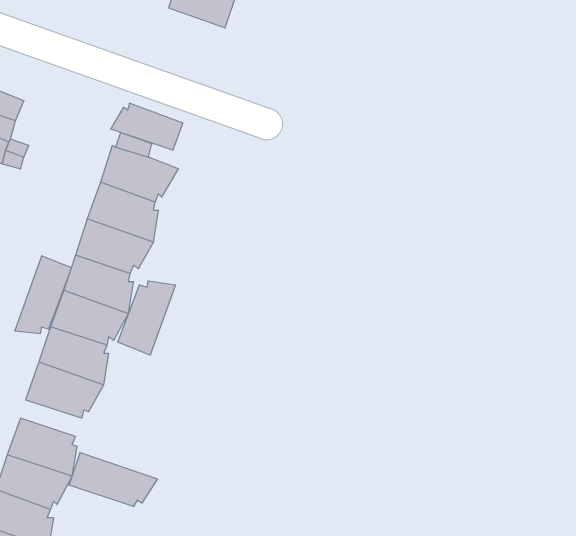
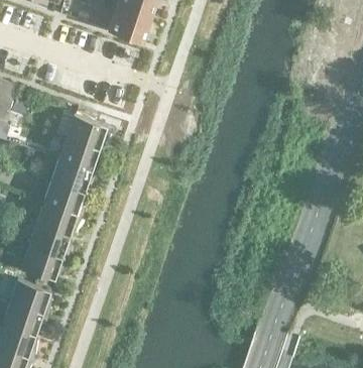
building: [111,103,183,150] -> none
building: [15,256,71,334] -> none
building: [118,281,176,355] -> none
building: [69,452,157,507] -> none

